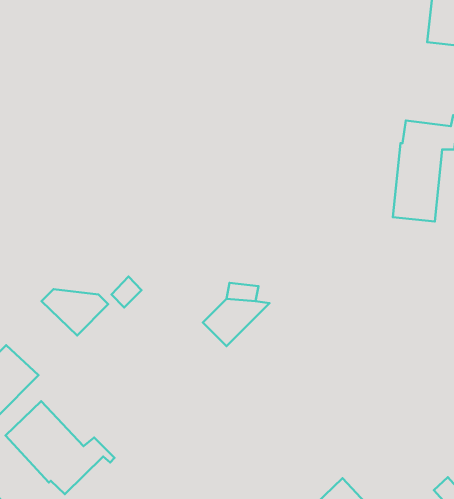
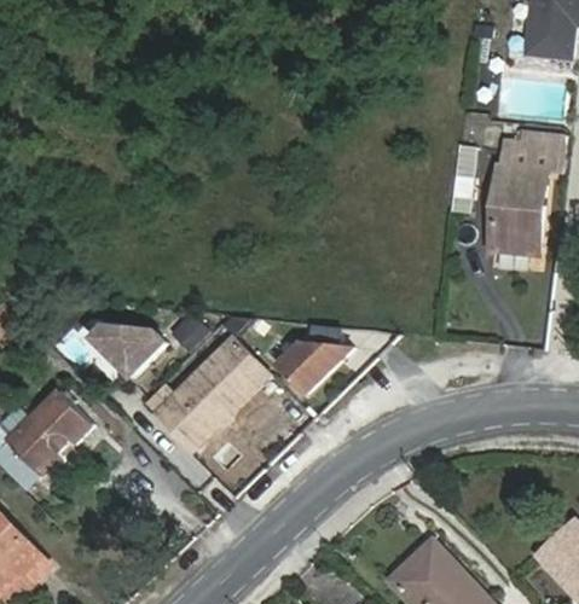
building: none -> [144,338,268,448]
building: [5,401,115,494] -> none

